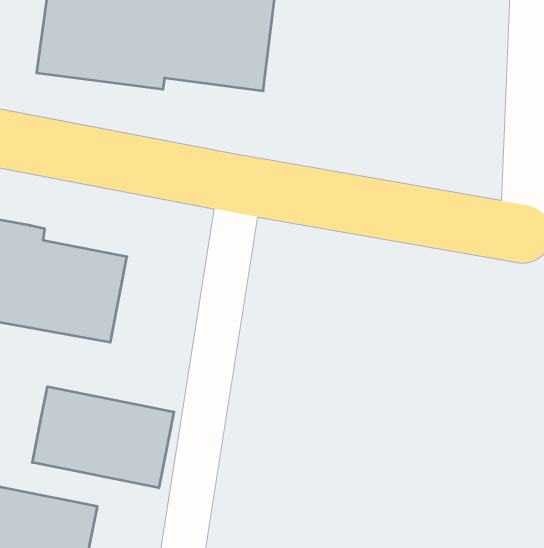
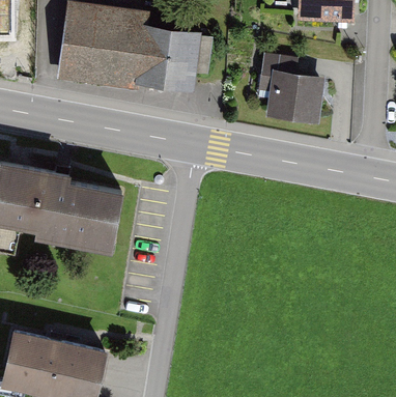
building: none -> [256,56,323,124]
building: [32,387,174,488] -> none

